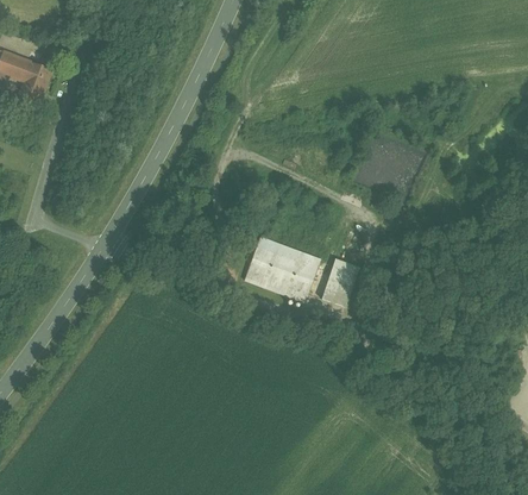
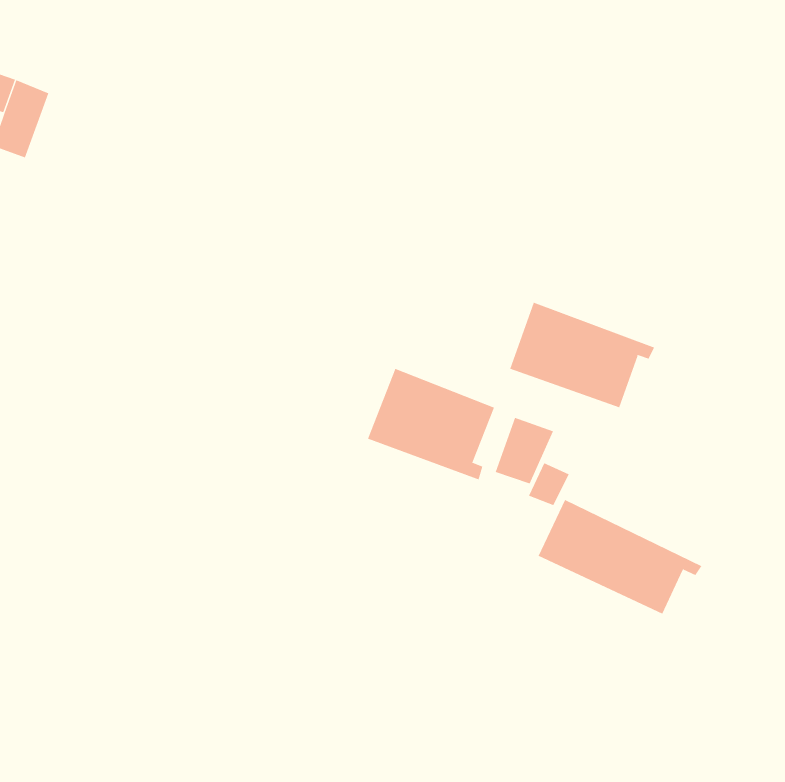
building: none -> [510,302,655,408]
building: none -> [538,499,702,614]

